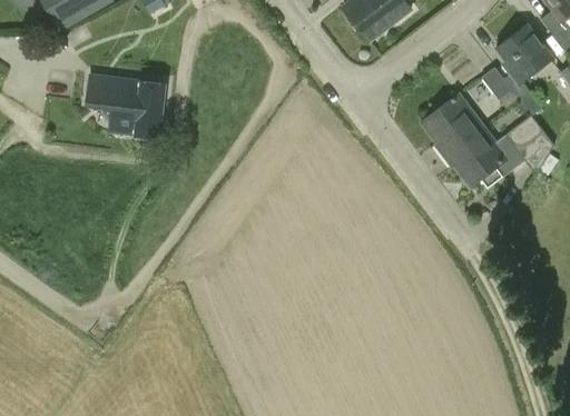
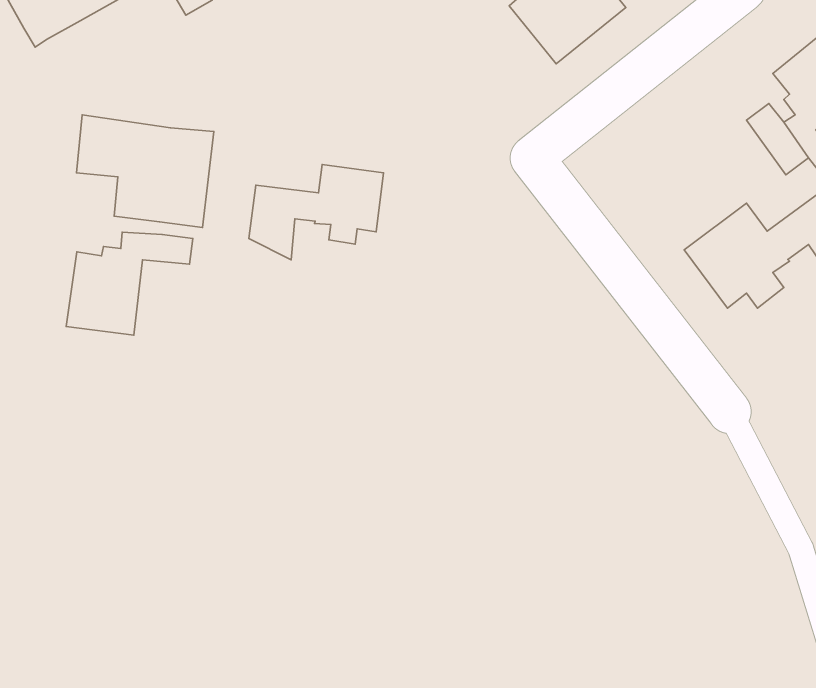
building: [421,93,481,152] -> none
building: none -> [249,164,384,260]
building: none -> [66,232,193,335]

